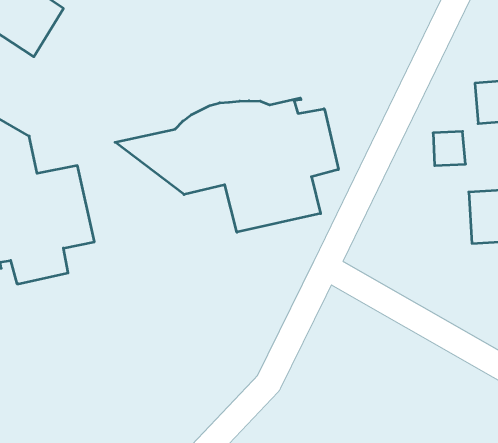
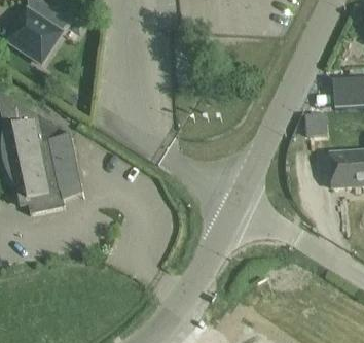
building: [115,98,338,232] -> none

